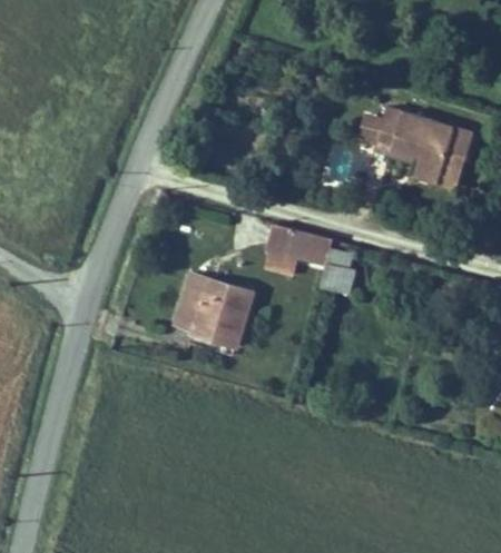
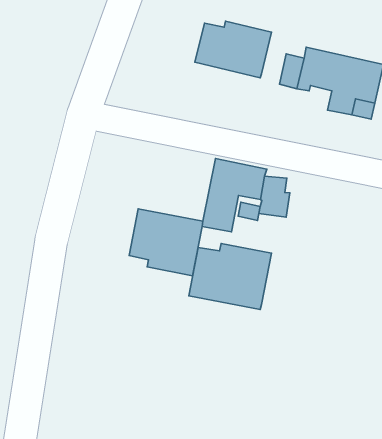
building: none -> [195,21,272,78]
building: none -> [189,244,271,310]

